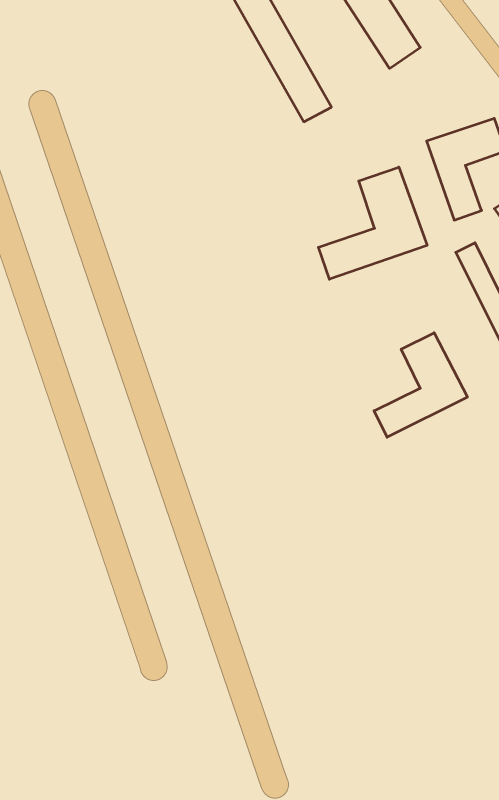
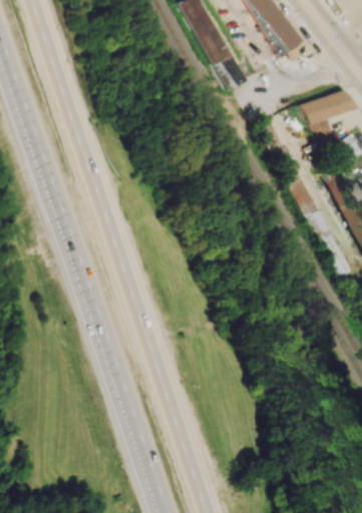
building: [318,167,427,279] -> none
building: [374,333,467,437] -> none

